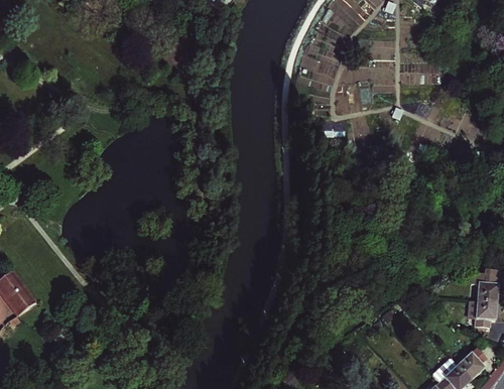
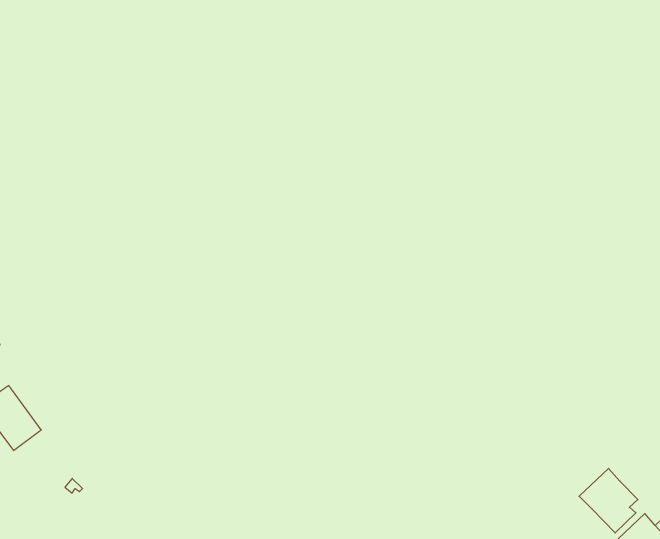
building: none -> [579,468,638,533]

